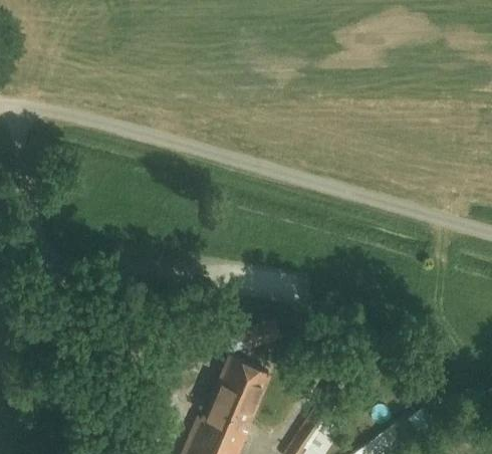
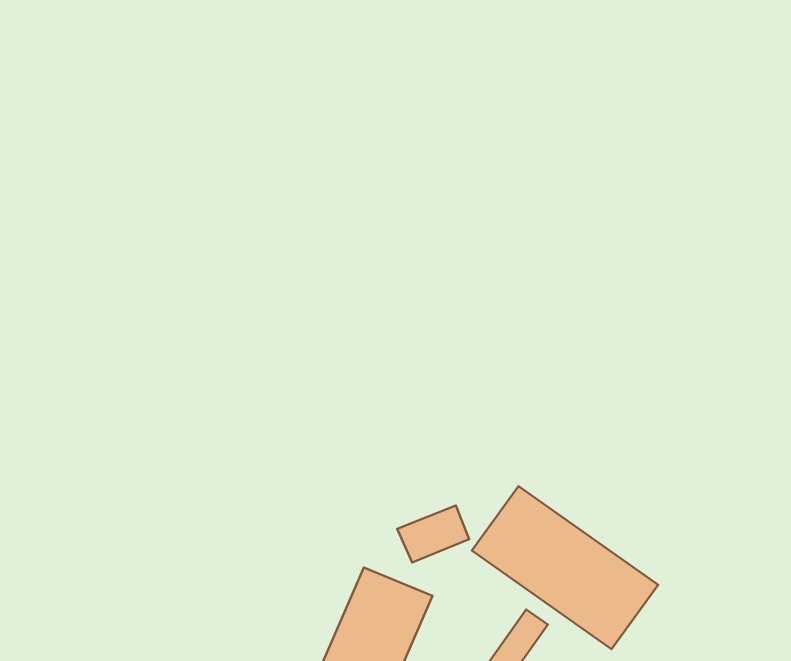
building: none -> [472,486,658,649]

